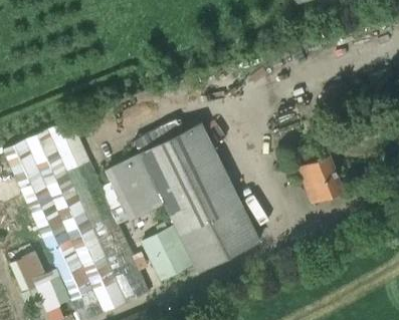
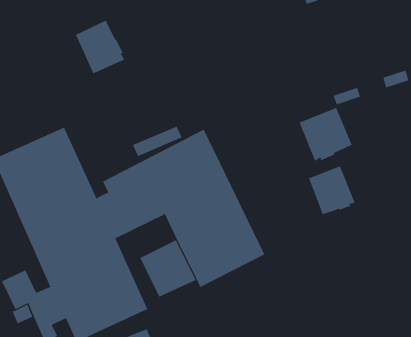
building: none -> [75,20,125,74]
building: none -> [299,107,353,162]

